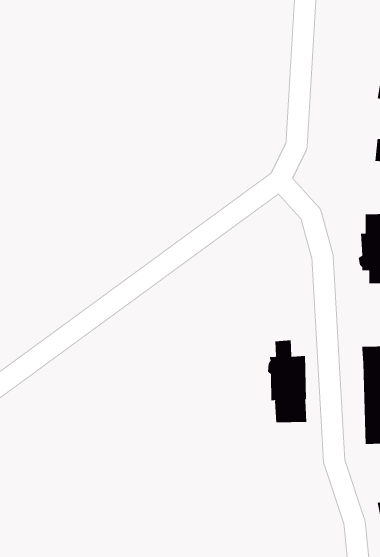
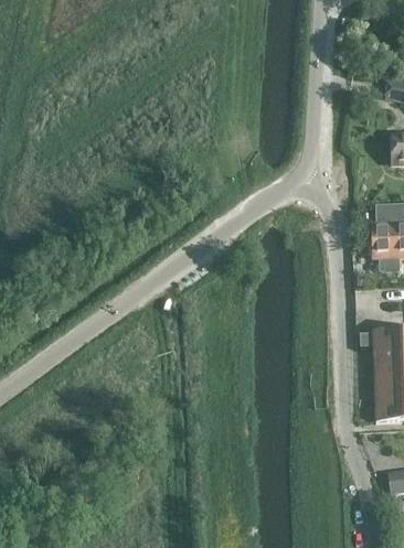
building: [267,340,307,423] -> none

